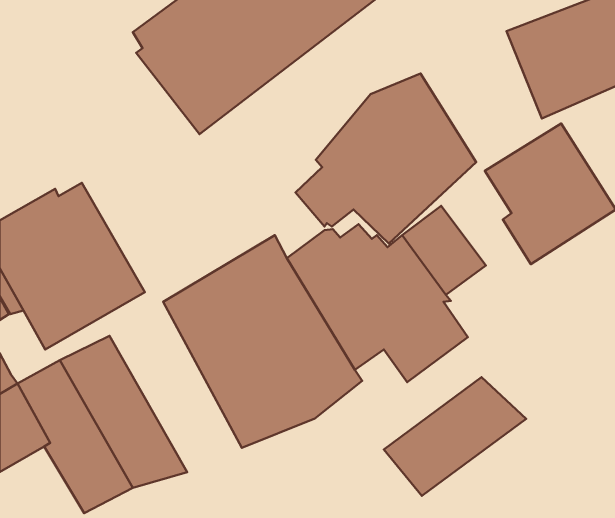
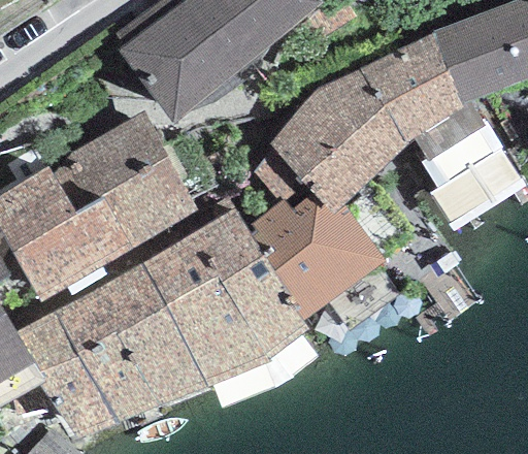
building: none -> [360,32,463,143]
building: none -> [69,110,197,254]
building: none -> [96,262,208,407]
building: [384,377,526,496] -> none

